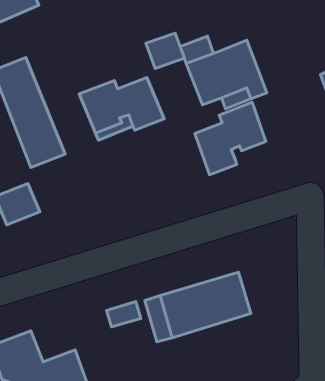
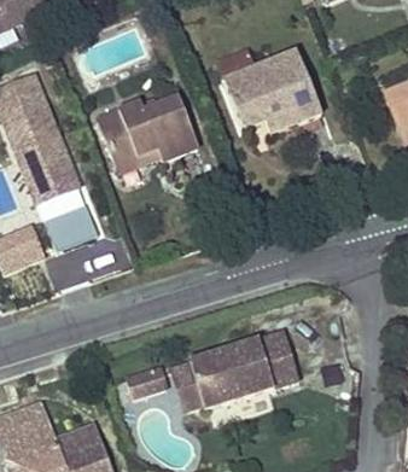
building: [146,33,184,68] -> none
building: [195,102,266,175] -> none
building: none -> [45,204,99,252]

